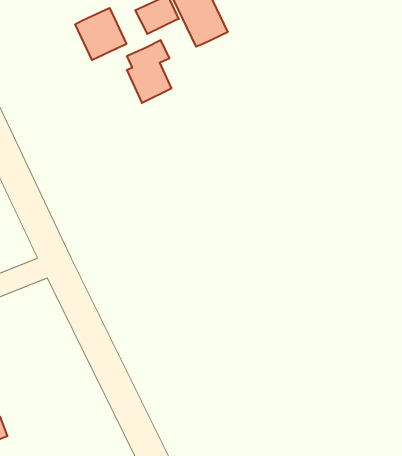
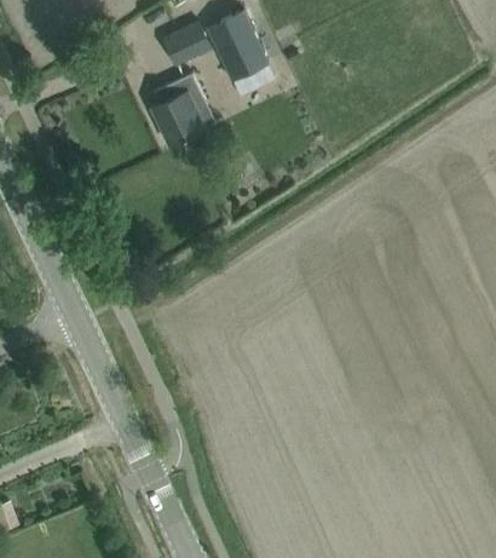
building: [75,8,126,60] -> none

